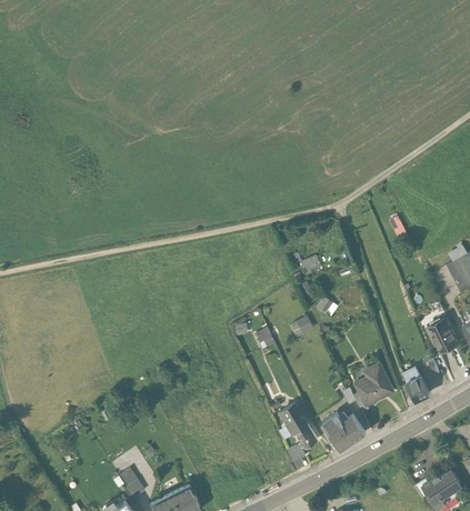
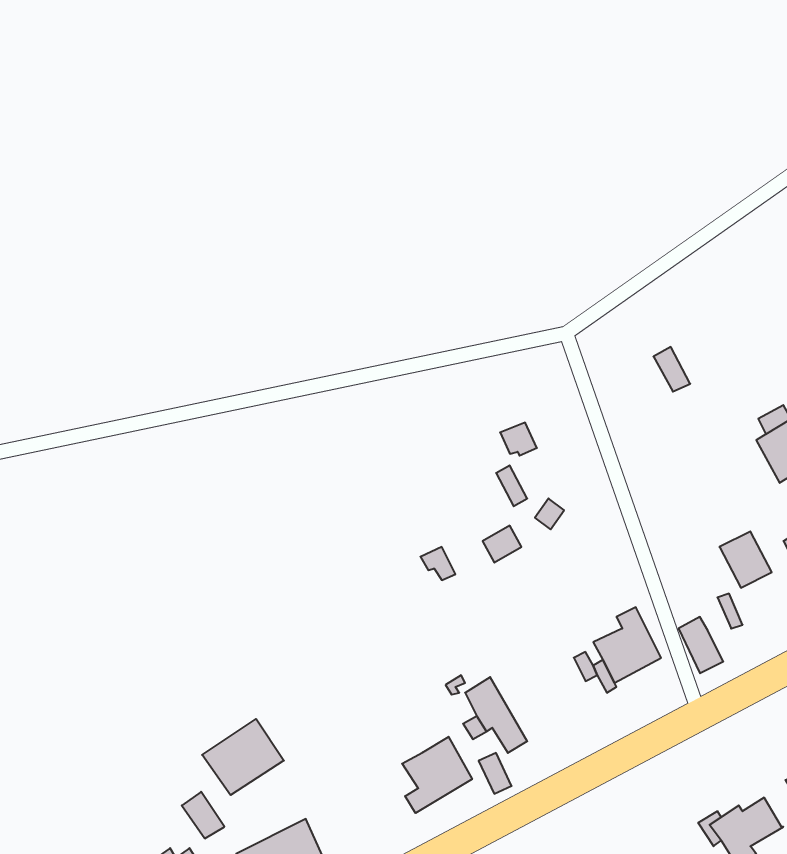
building: [324,413,364,448] -> none
building: none -> [202,719,284,795]
building: none -> [402,737,472,813]

